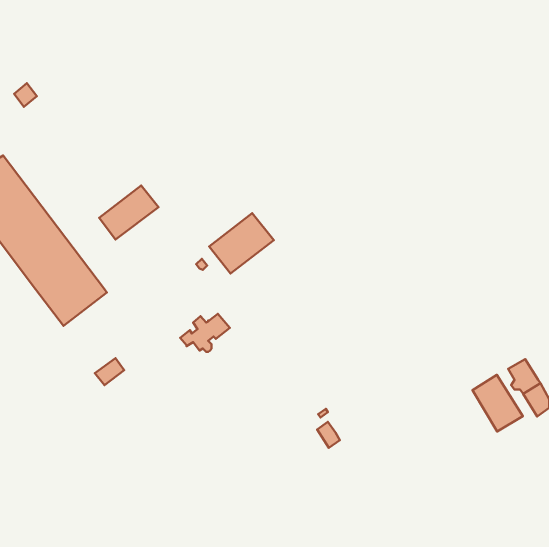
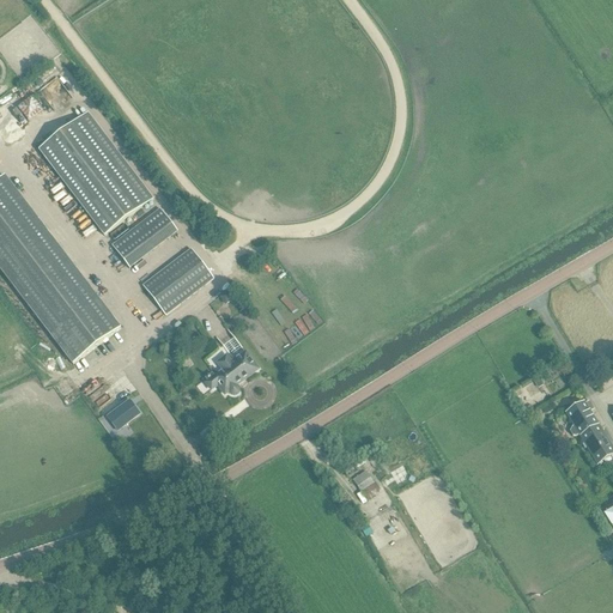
building: none -> [37,109,151,232]
building: [209,213,274,273] -> [140,245,212,312]
building: [472,375,523,431] -> none

